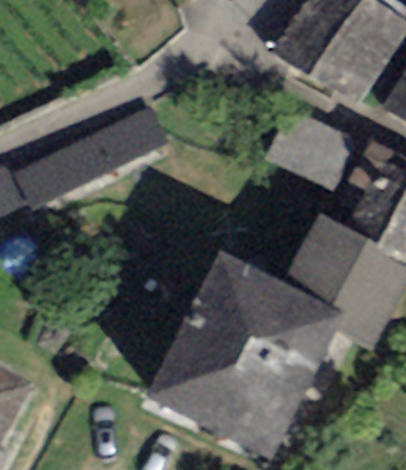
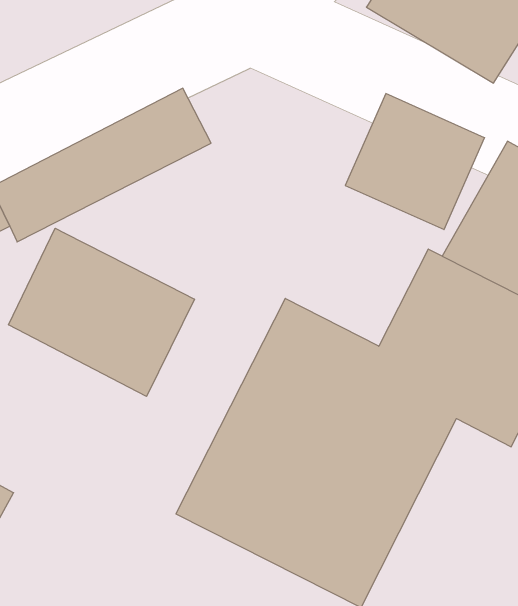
building: none -> [9,228,194,396]

